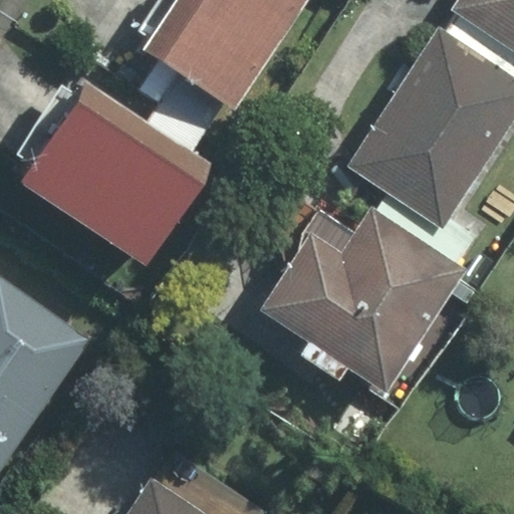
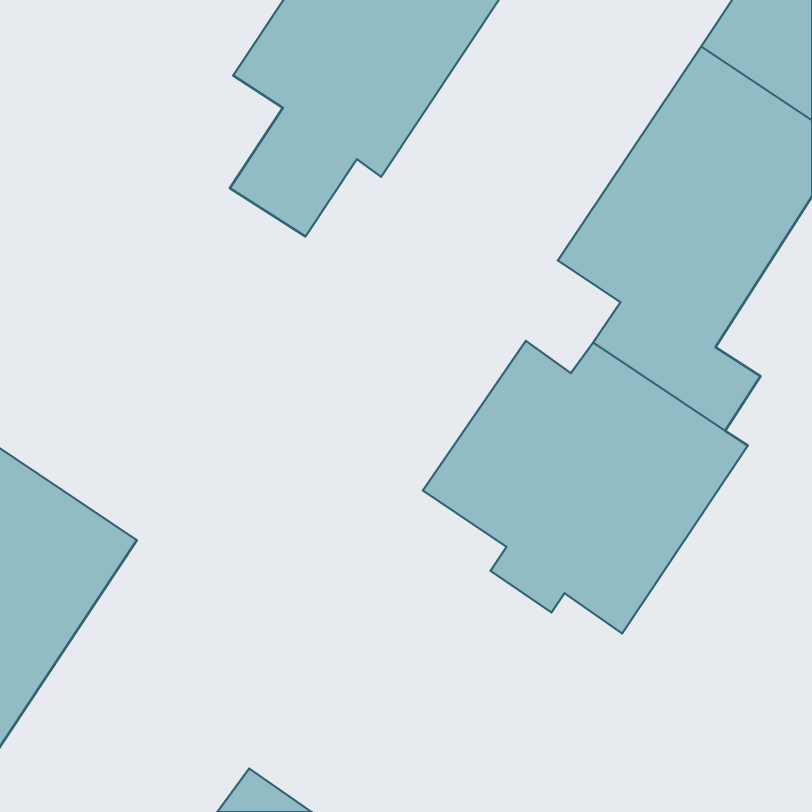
building: [17,80,217,267] -> none

